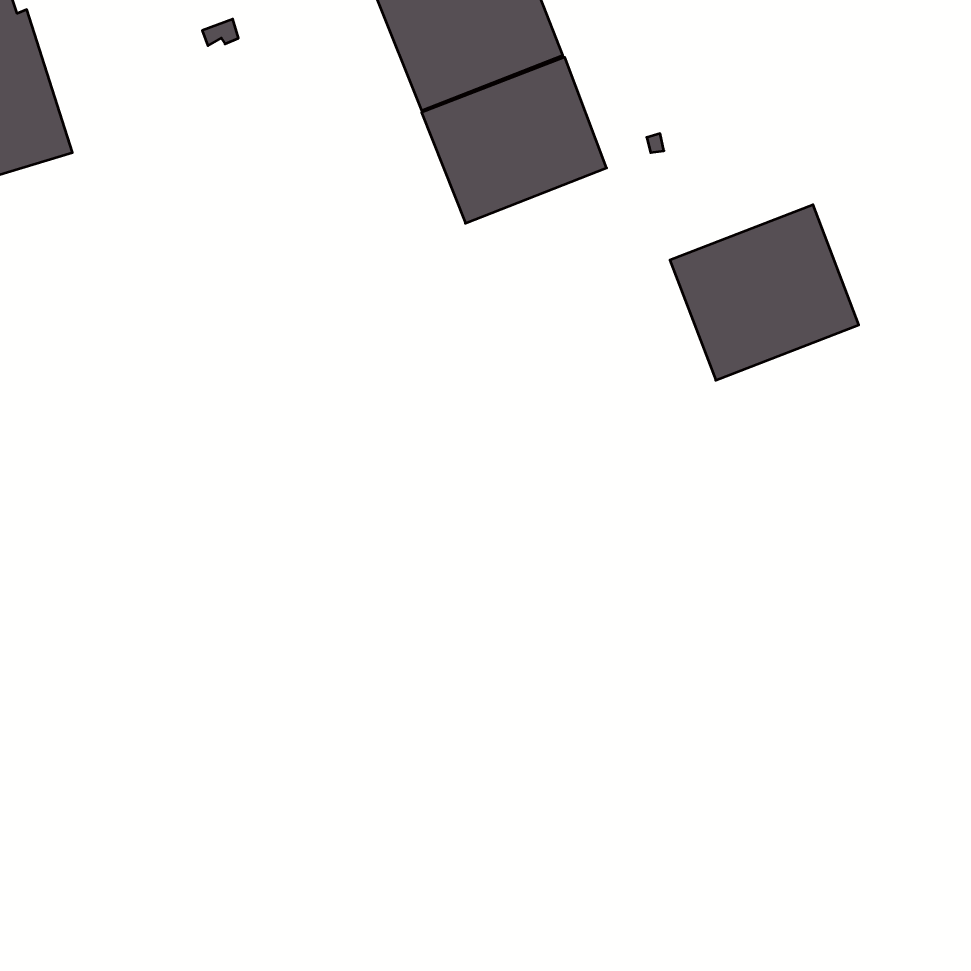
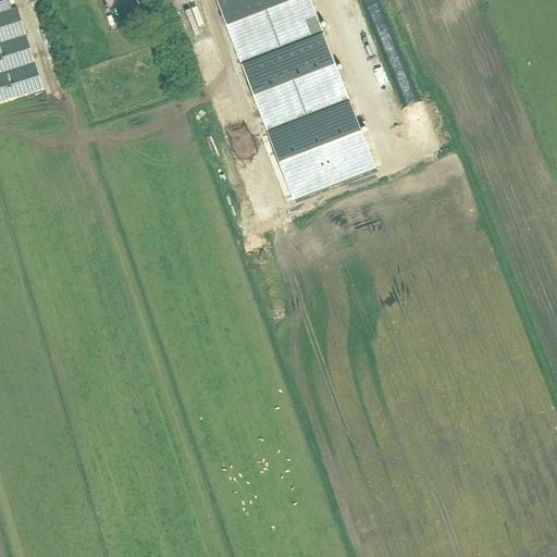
building: [670,205,859,380] -> [265,98,373,198]

